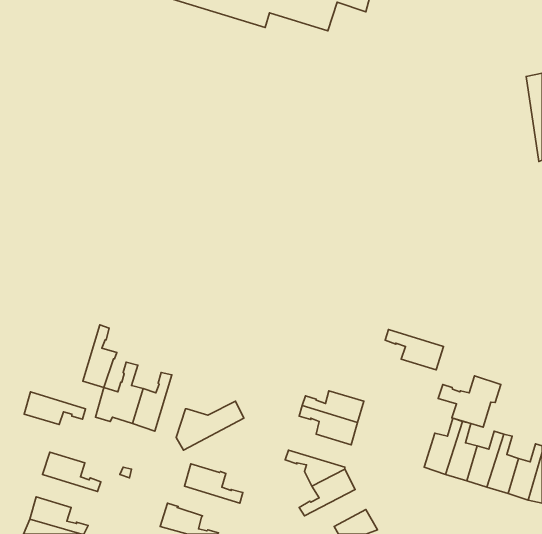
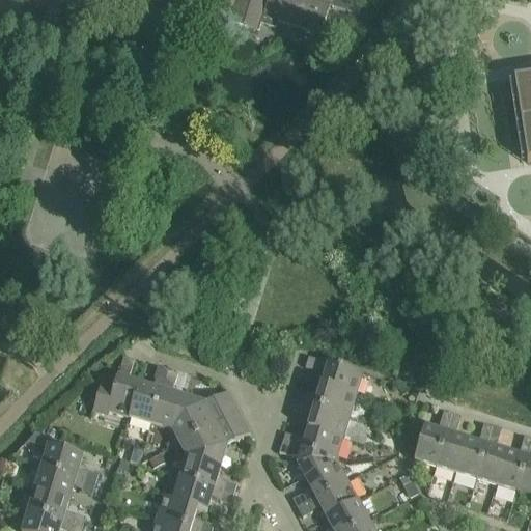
building: [83,325,117,387] -> [151,366,185,427]
building: [385,329,444,370] -> [306,353,363,392]
building: [438,376,501,427] -> none
building: [24,392,86,425] -> [35,464,95,496]
building: none -> [179,409,248,462]
building: none -> [282,424,343,456]
building: none -> [173,475,234,507]
building: none -> [298,478,358,514]

